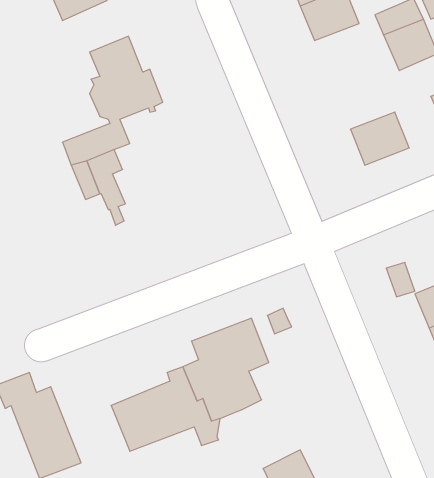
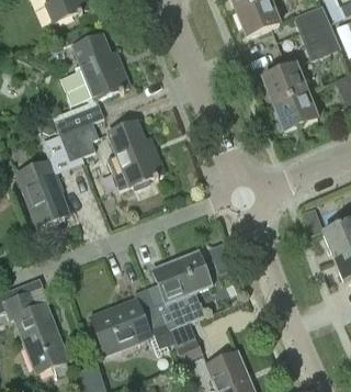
building: none -> [262,54,307,104]
building: none -> [107,120,163,187]
building: none -> [15,159,68,225]
building: none -> [171,320,203,360]

